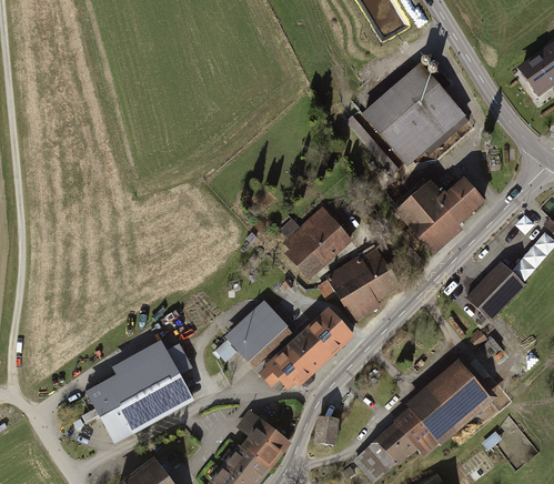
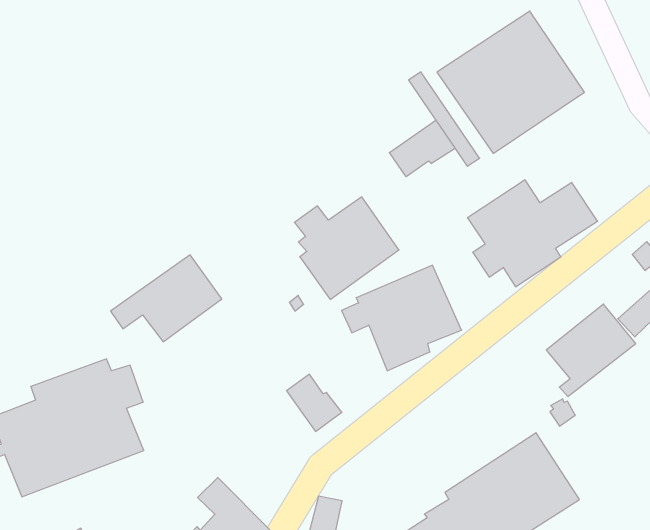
building: none -> [389,120,455,177]
building: [213,303,289,365] -> [111,255,222,342]
building: [301,310,350,356] -> none
building: [262,346,310,386] -> none

